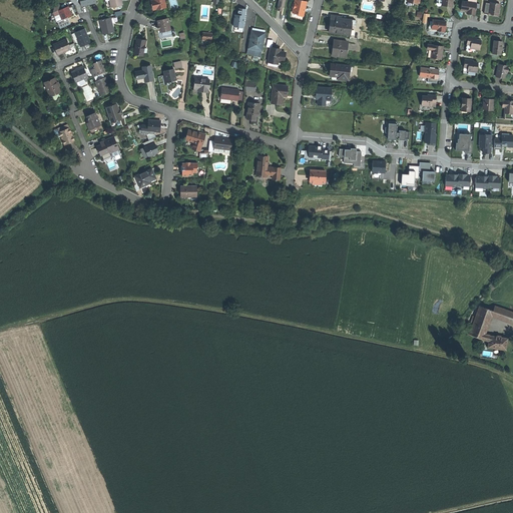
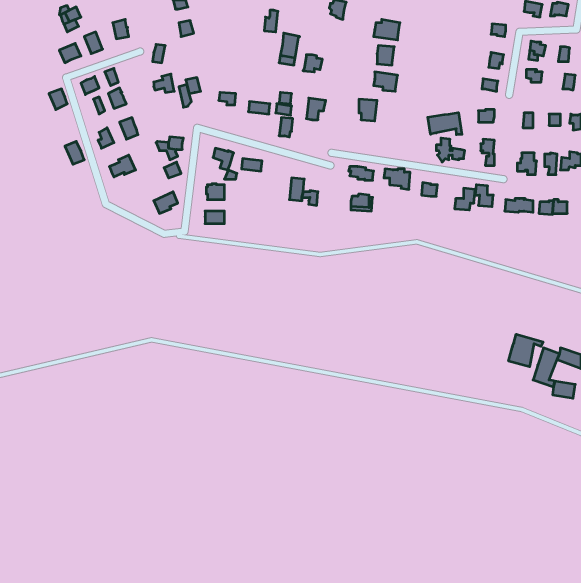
building: none -> [428,113,462,135]
building: none -> [509,334,543,367]

